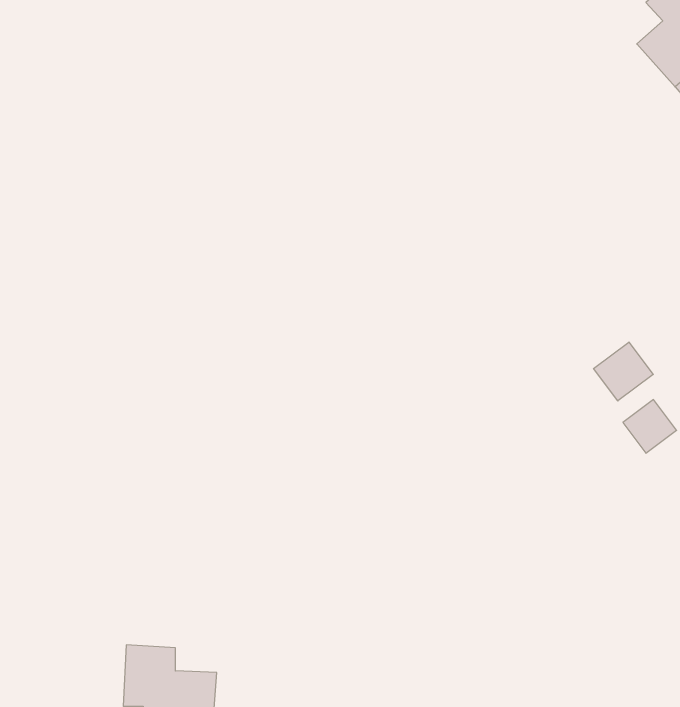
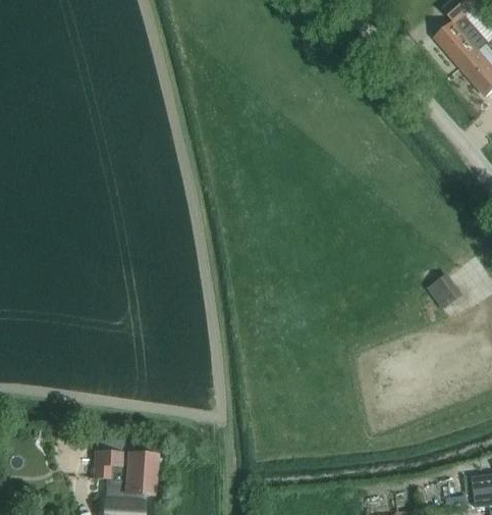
building: [594,342,653,401] -> none

